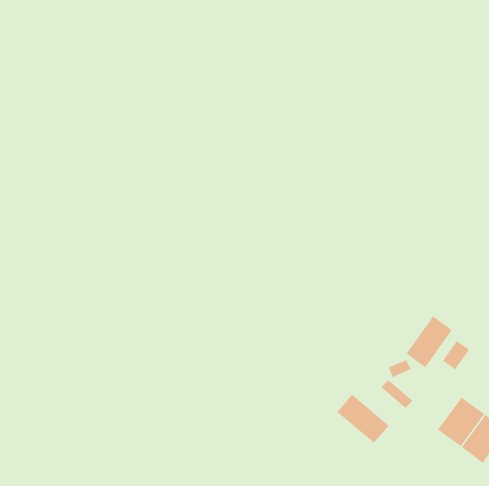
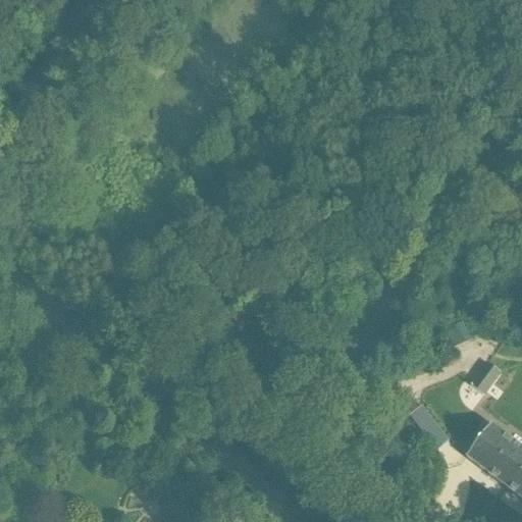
building: [406,316,453,368] -> none
building: [337,394,389,443] -> none

